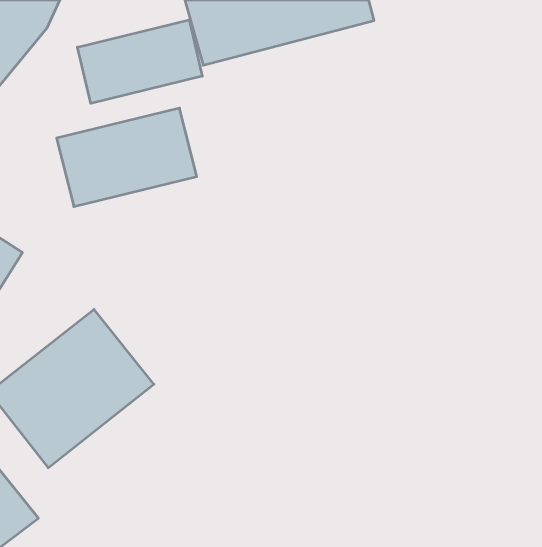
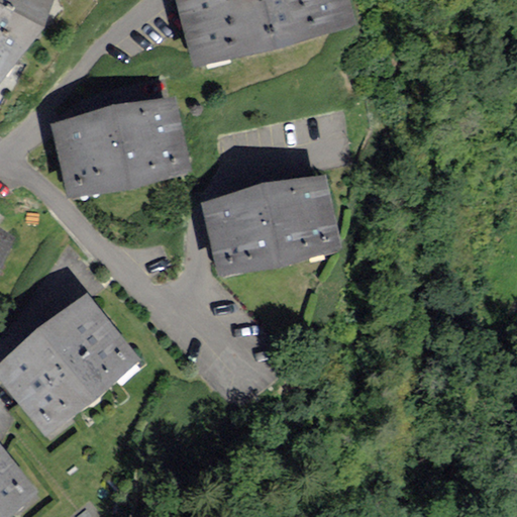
building: [77,20,202,103] -> none
building: none -> [201,176,338,274]

